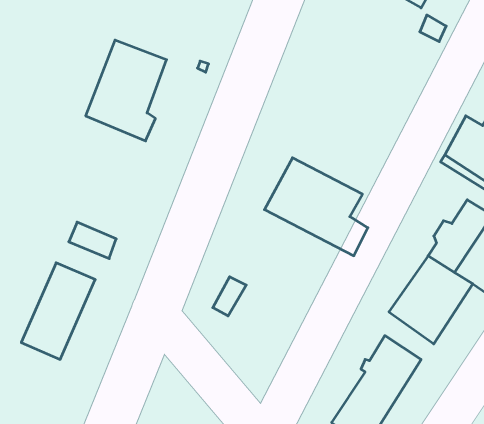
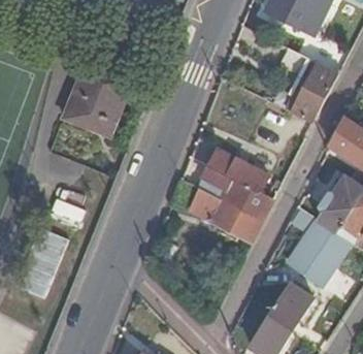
building: none -> [279,49,339,123]
building: none -> [171,180,262,242]

